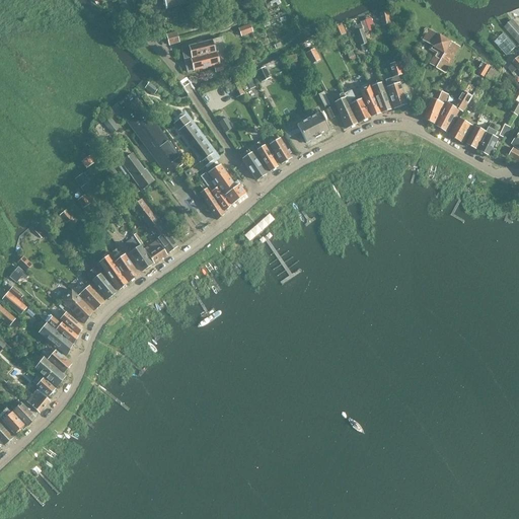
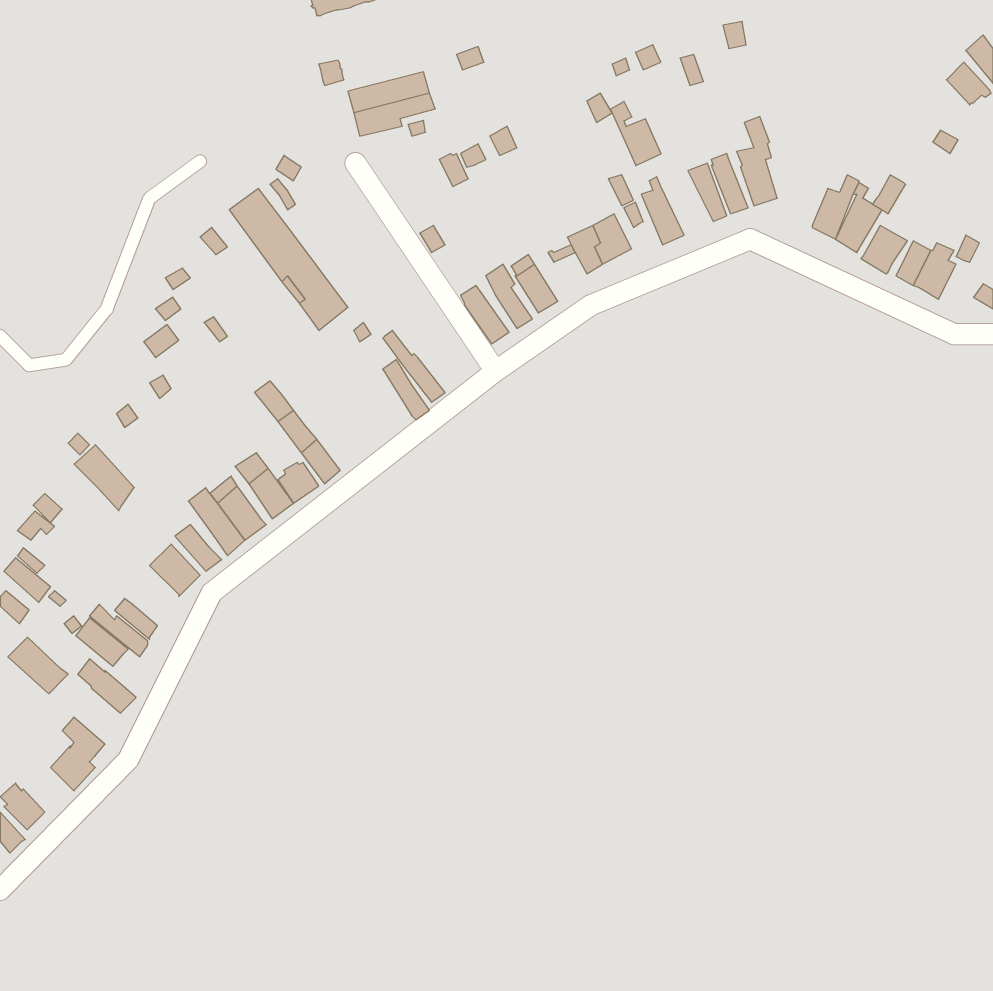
building: [422,28,460,73] -> none
building: [344,89,370,123] -> [611,101,661,166]
building: [173,116,213,165] -> none
building: [118,154,153,189] -> none
building: [207,164,246,205] -> none
building: [61,289,92,323] -> [74,445,134,511]
building: [34,357,66,386] -> [8,637,68,694]

